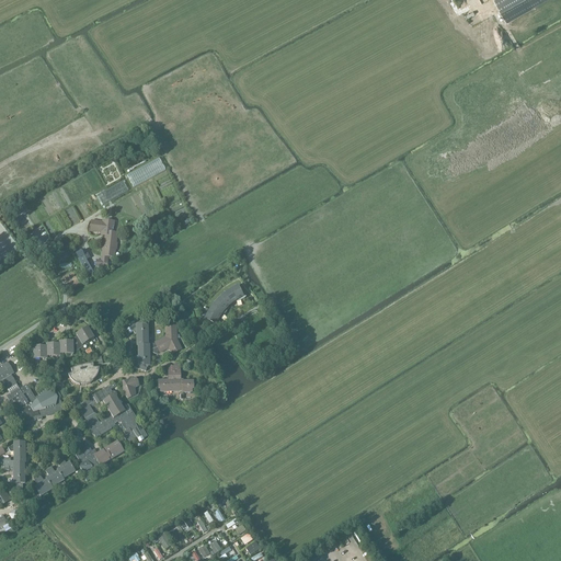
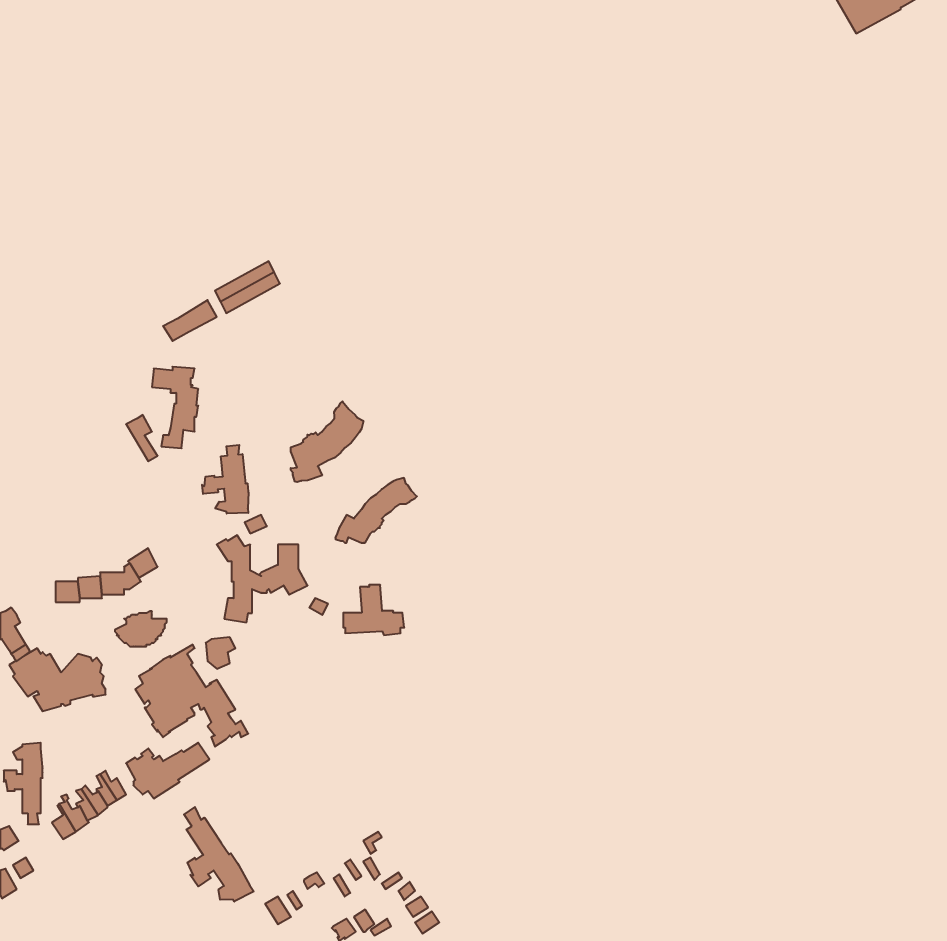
building: none -> [291,401,363,482]
building: none -> [202,445,248,514]
building: [158,362,194,391] -> [343,585,404,635]
building: none -> [184,807,254,902]

